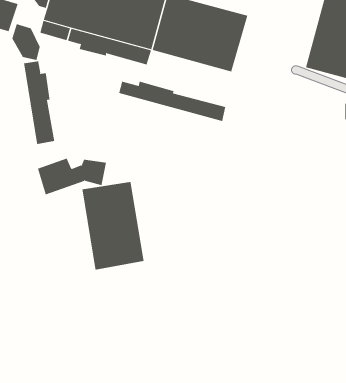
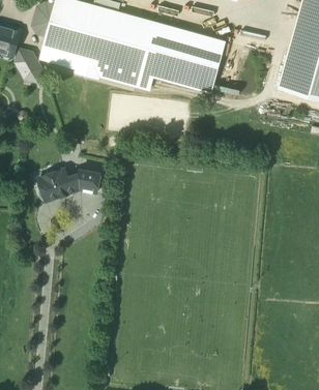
building: [23,60,55,145] -> none
building: [118,81,226,122] -> none
building: [82,181,144,270] -> none

